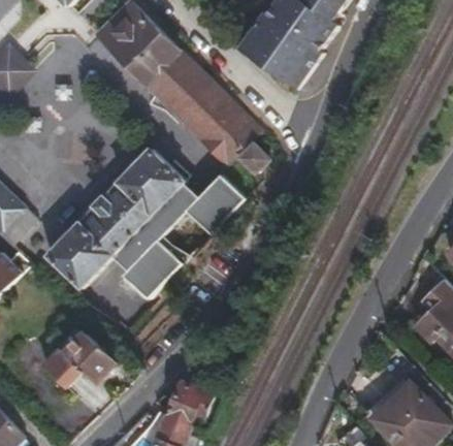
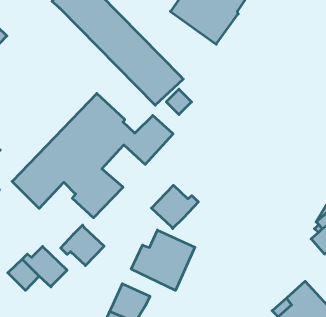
building: none -> [151,185,198,229]
building: none -> [61,225,104,266]
building: none -> [131,230,195,290]

